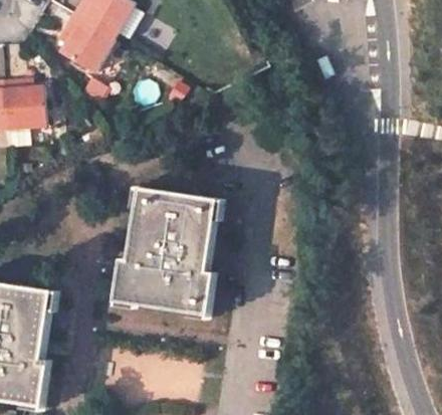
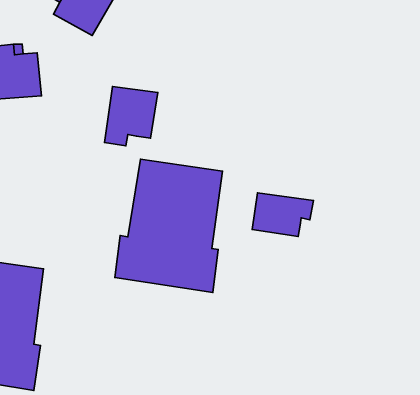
building: none -> [104,86,158,146]
building: none -> [252,193,313,237]

